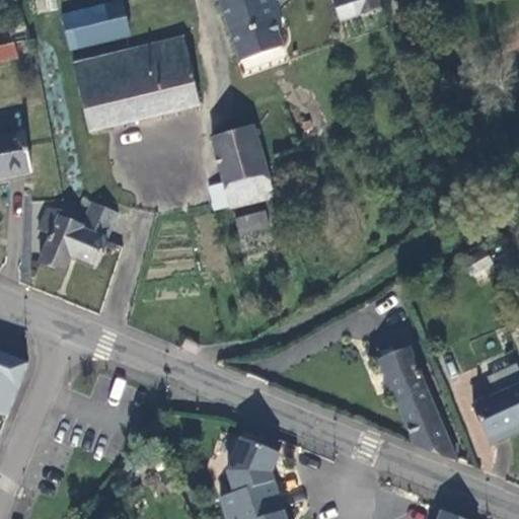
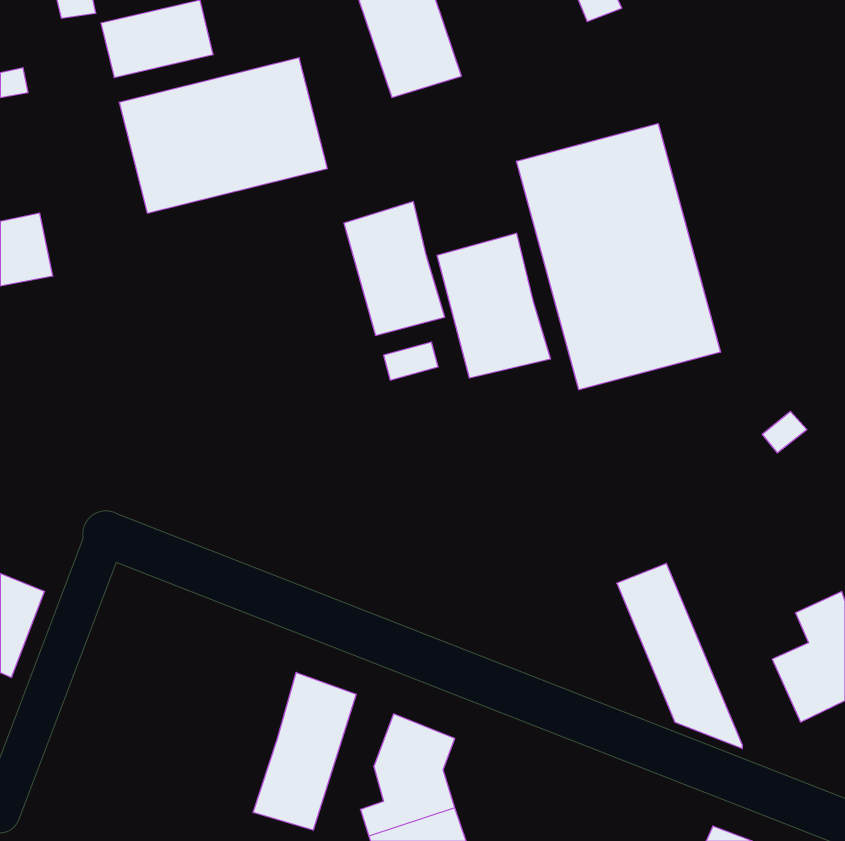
building: none -> [517,124,720,390]
building: none -> [437,233,551,378]
building: [38,201,118,271] -> none
building: none -> [253,672,356,830]

